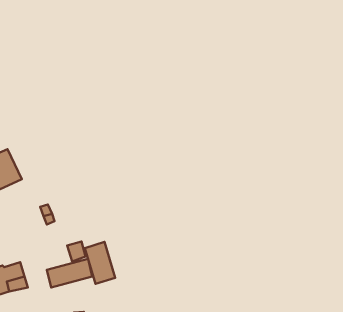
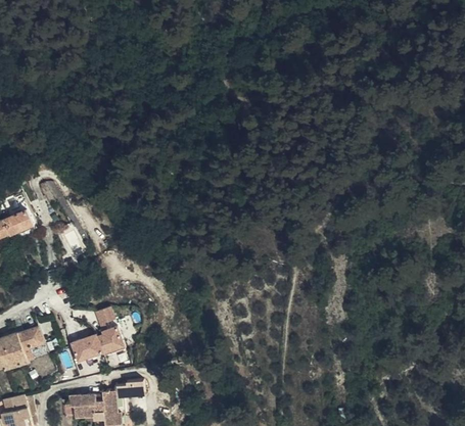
building: [85,242,115,284] -> none

